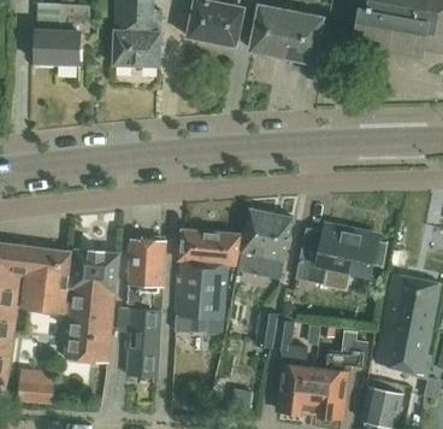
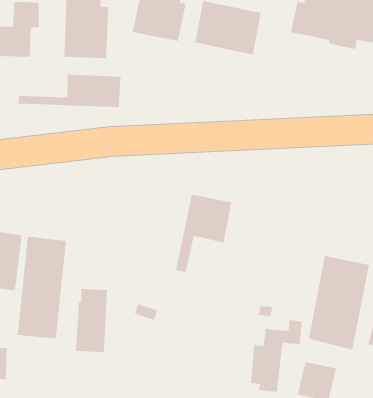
building: none -> [18,74,121,108]
building: [295,224,388,283] -> none
building: [175,229,241,317] -> none
building: [126,237,166,310] -> none
building: [255,313,315,413] -> none

